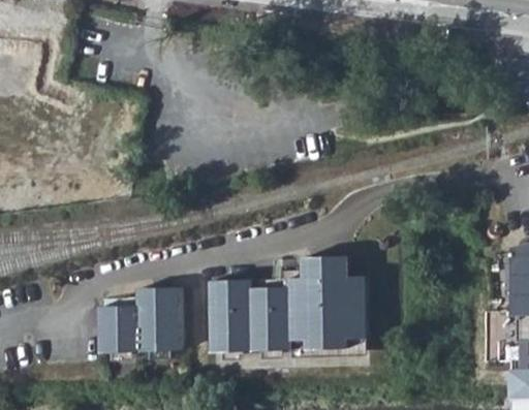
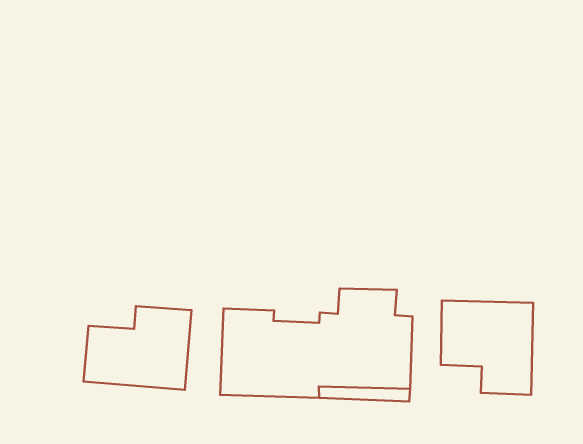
building: none -> [441,301,533,395]

